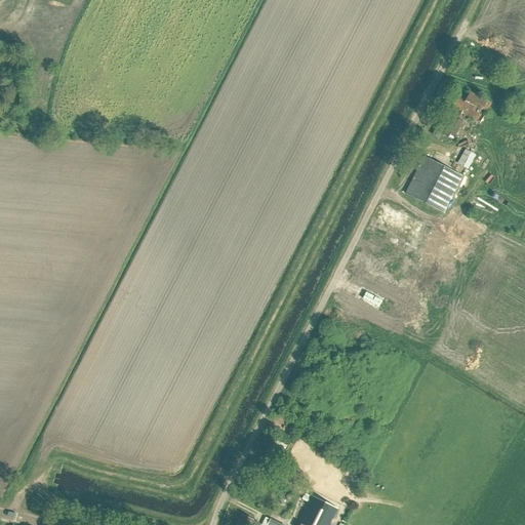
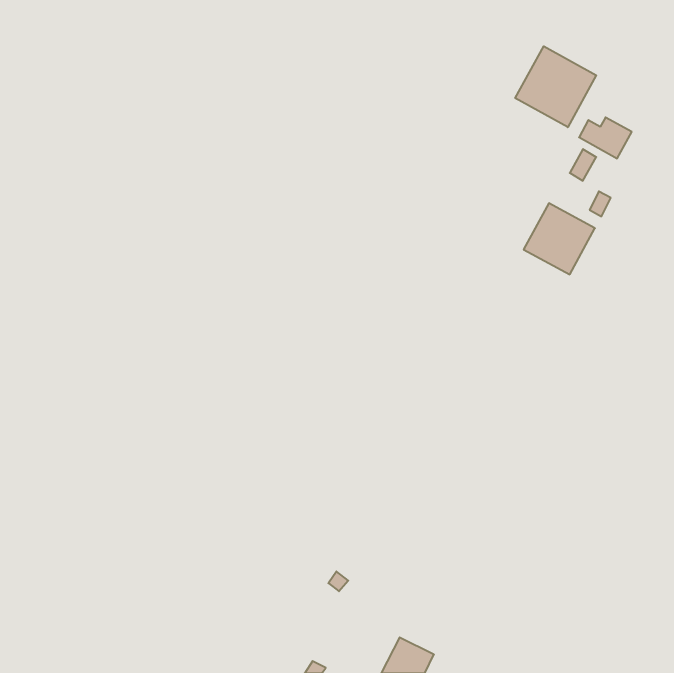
building: none -> [515,46,596,127]

